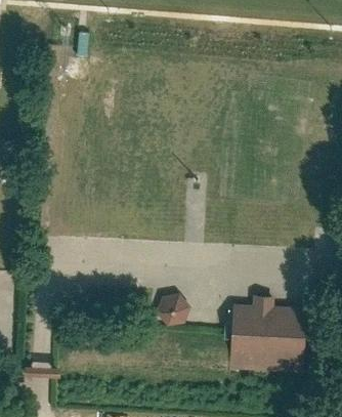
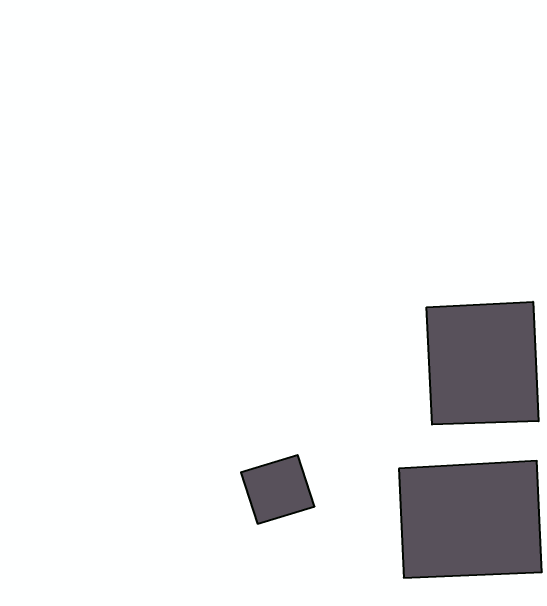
building: none -> [427,302,539,425]

